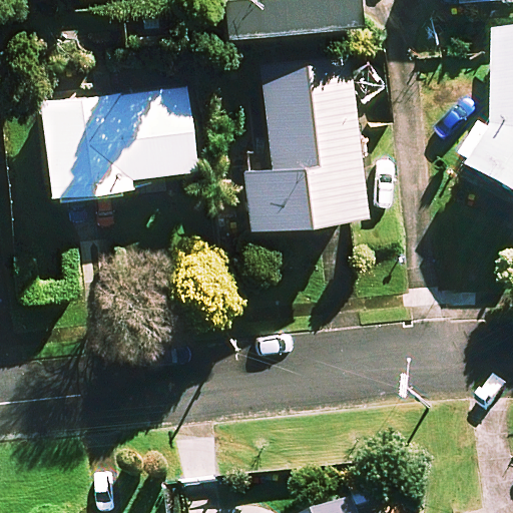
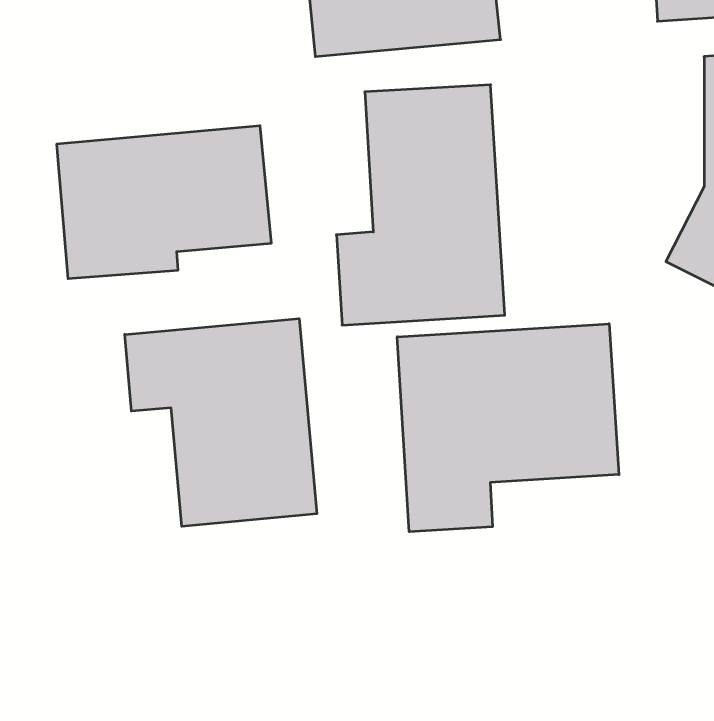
building: none -> [125,319,317,526]
building: none -> [397,324,619,532]

